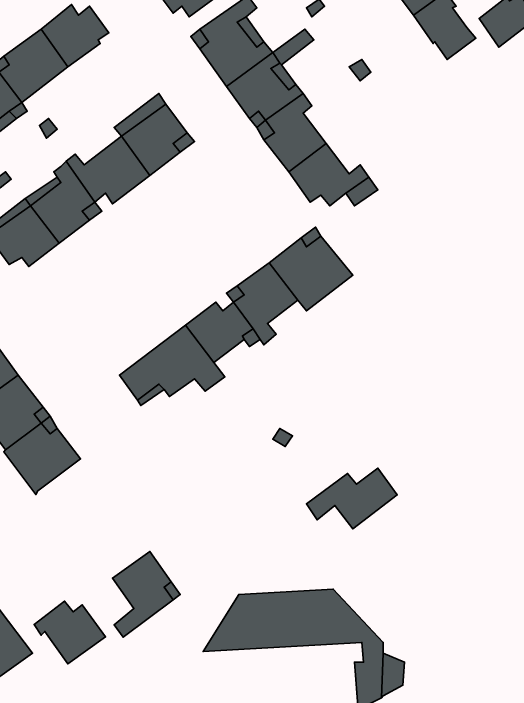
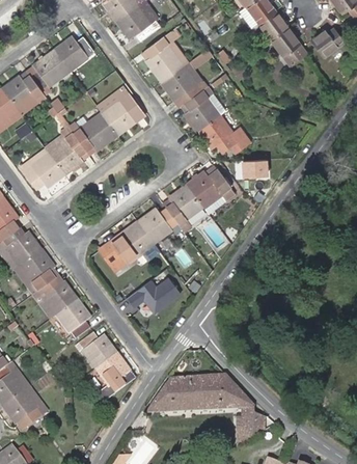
building: none -> [245,158,273,178]
building: none -> [52,299,91,343]
building: [306,468,397,529] -> [128,277,181,312]
building: [34,601,105,664] -> [76,332,117,369]

